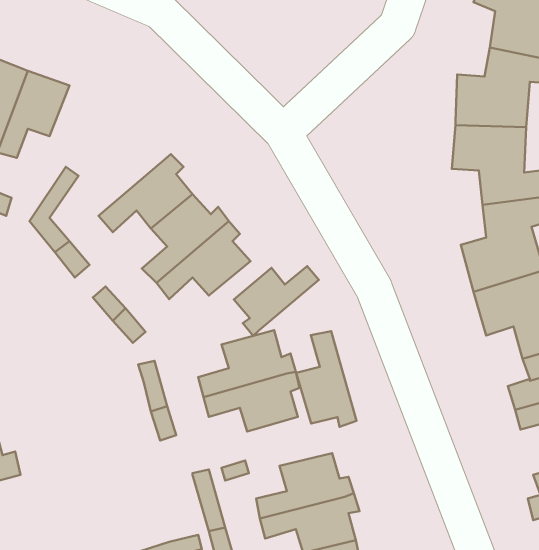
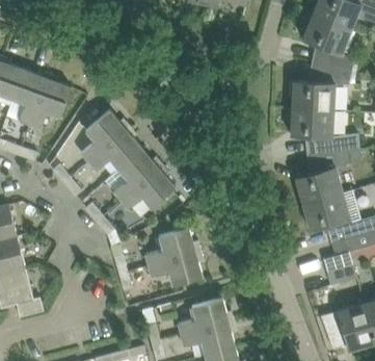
building: none -> [80,110,129,162]
building: [234,266,319,336] -> none
building: [296,331,356,427] -> none

